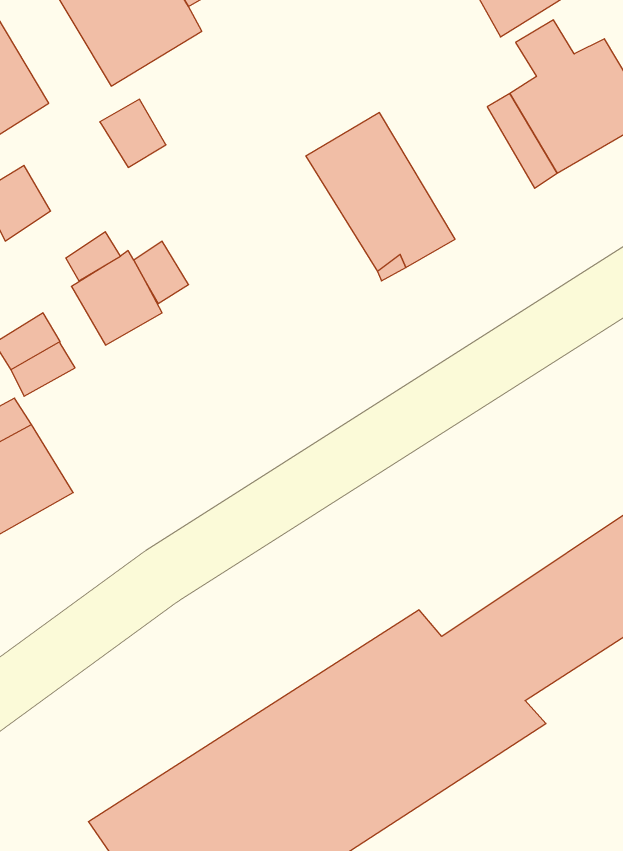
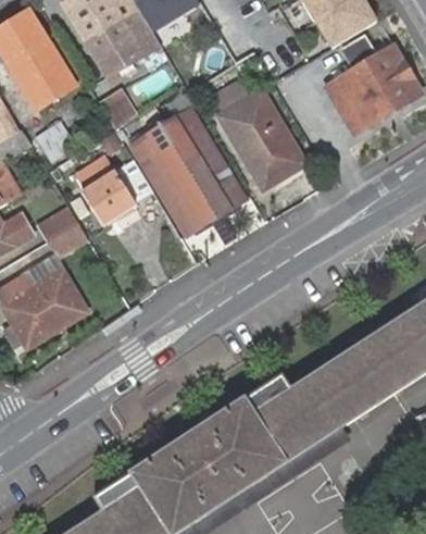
building: none -> [129,107,245,233]

